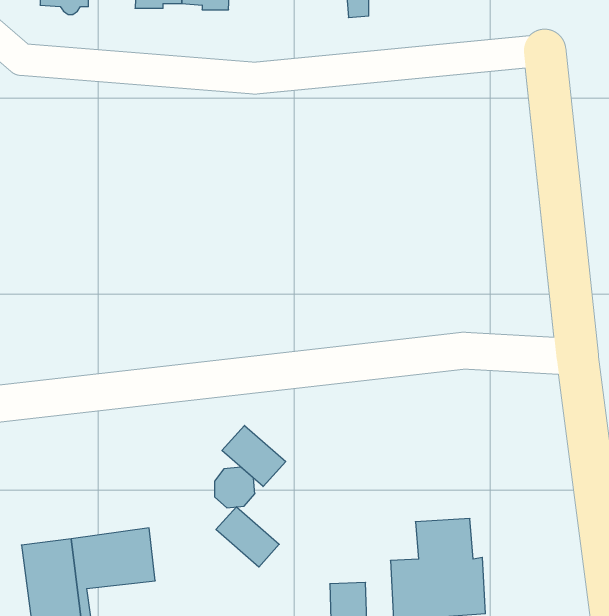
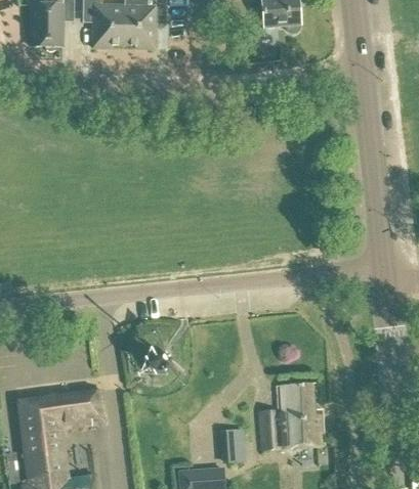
building: [222,425,286,487] -> none
building: [216,507,279,567] -> none

